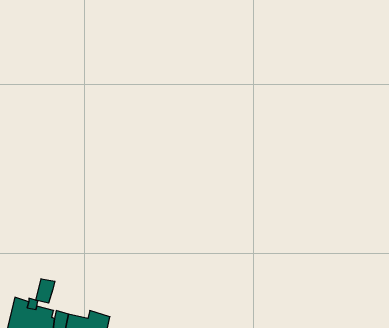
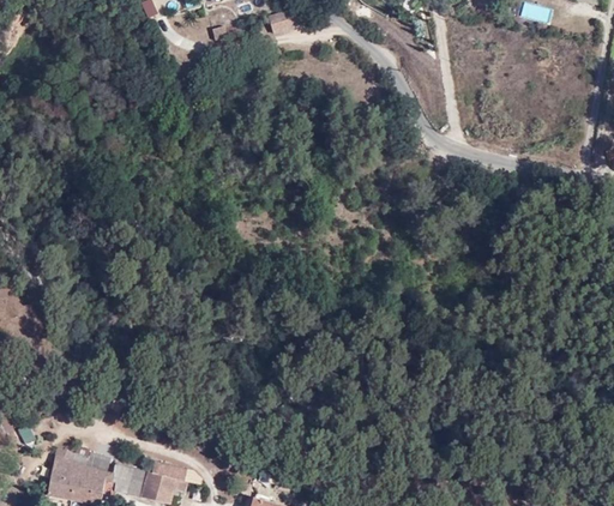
building: [36,279,55,303] -> none

